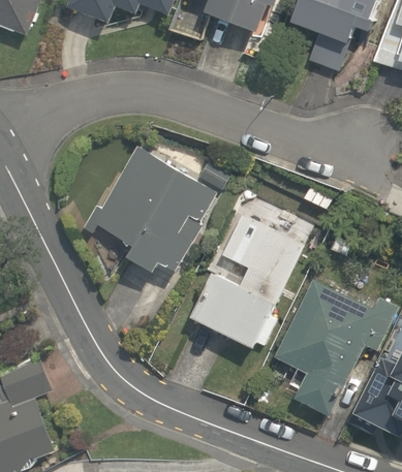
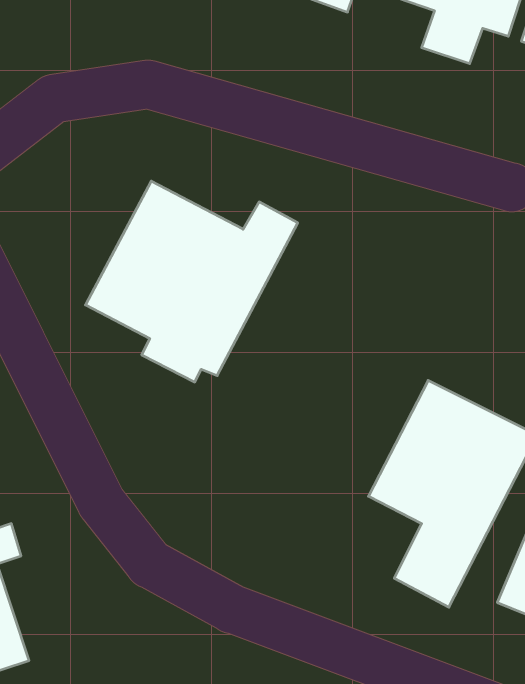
building: [191,212,307,352] -> none

